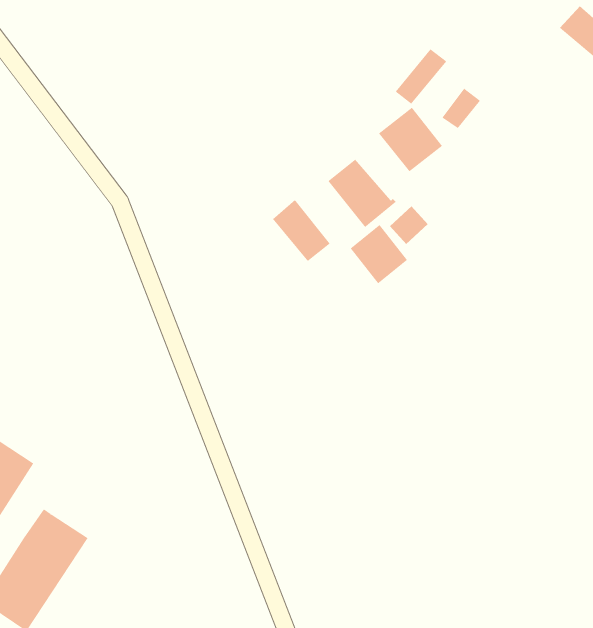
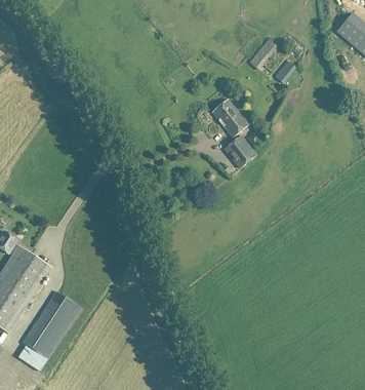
building: [378,107,443,172] -> none
building: [272,199,330,262] -> none

